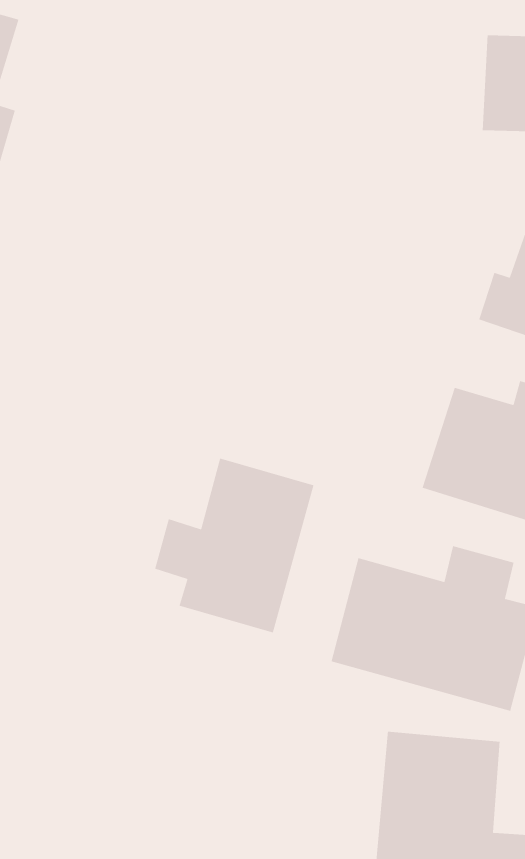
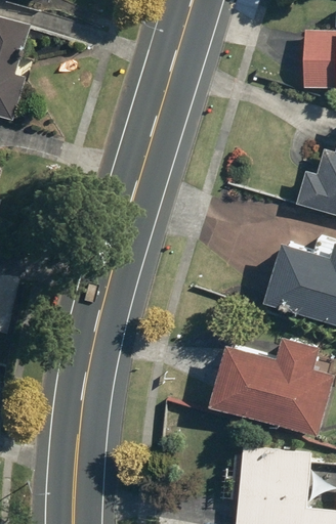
building: [154,458,315,633] -> none

